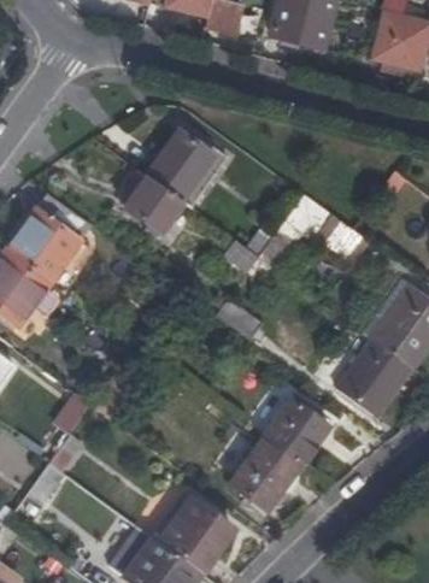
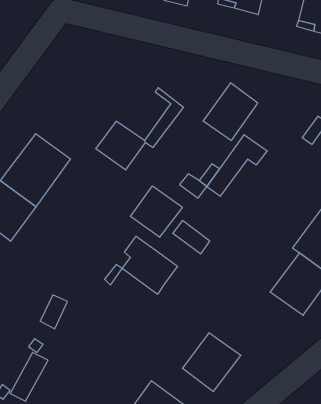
building: [147,130,214,201] -> [203,83,258,140]
building: none -> [131,186,182,237]
building: none -> [122,236,177,294]
building: [261,399,329,466] -> none

